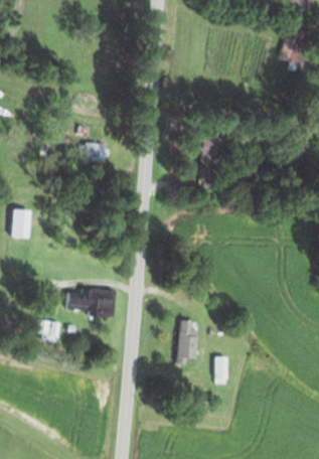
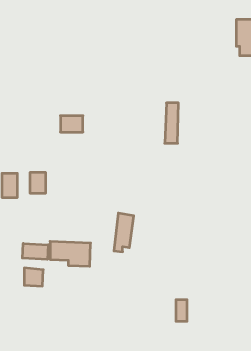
building: none -> [30,172,45,193]
building: none -> [22,243,48,259]
building: [176,320,199,365] -> [114,213,134,252]

